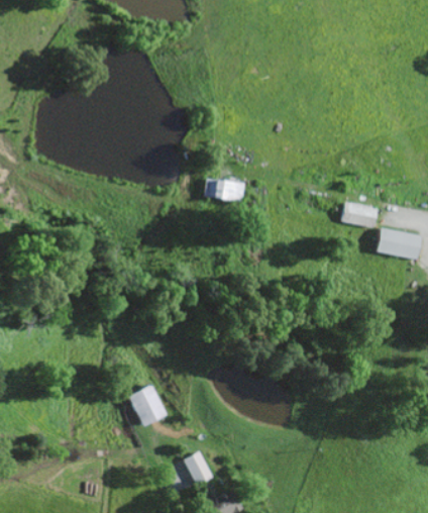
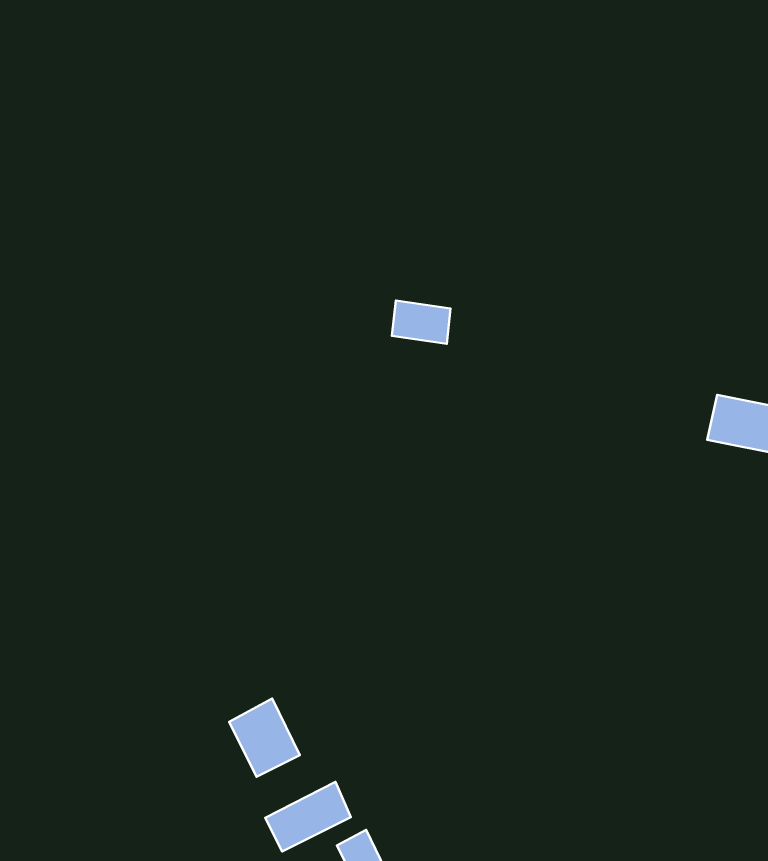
building: [341,203,377,227] -> none
building: none -> [265,782,351,852]

